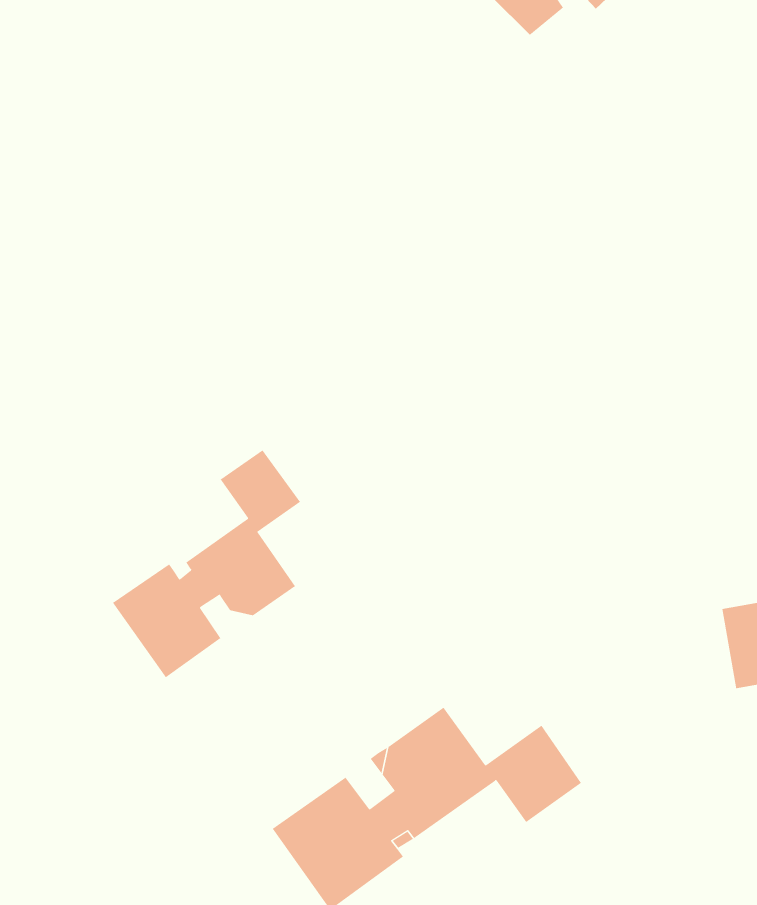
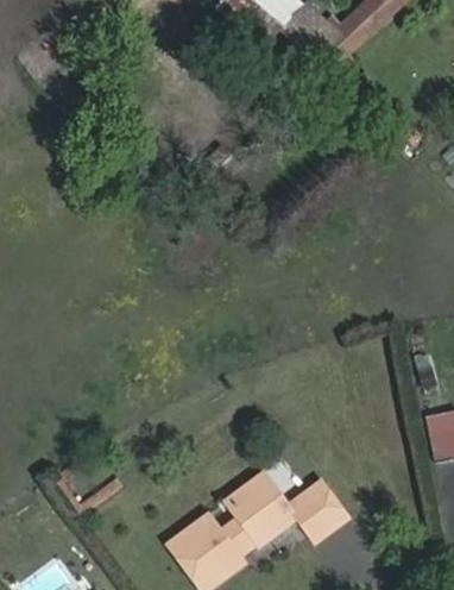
building: [112,449,301,678] -> none

